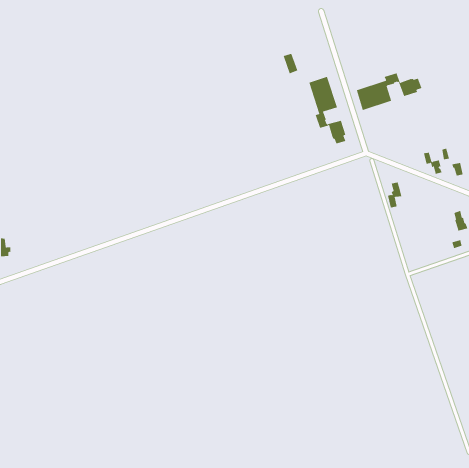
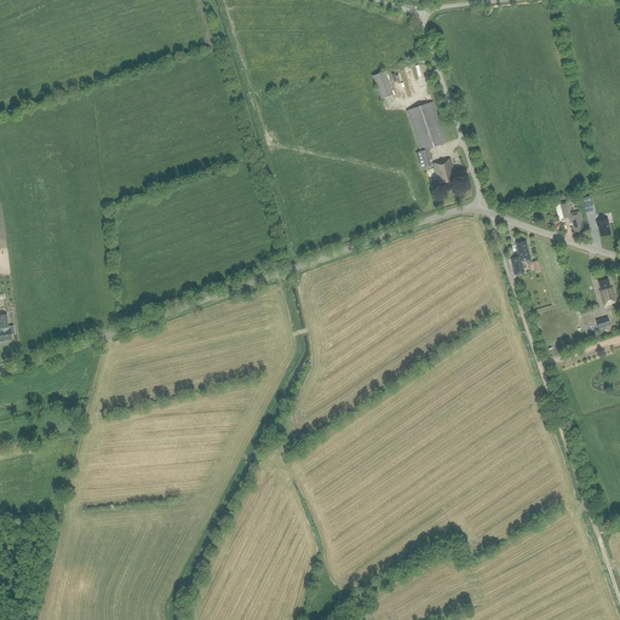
building: [356,72,422,111] -> none

